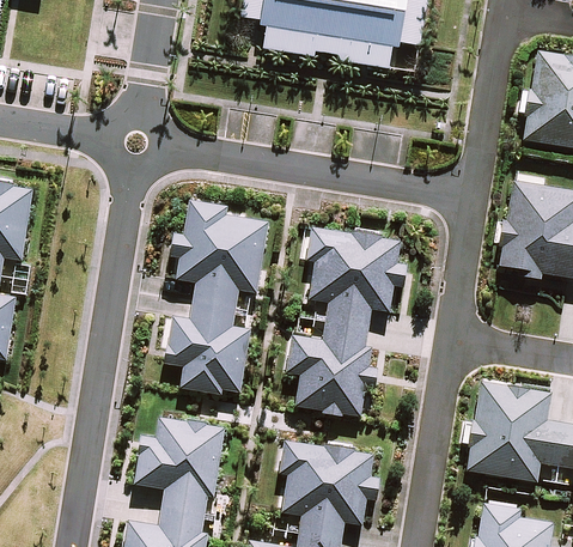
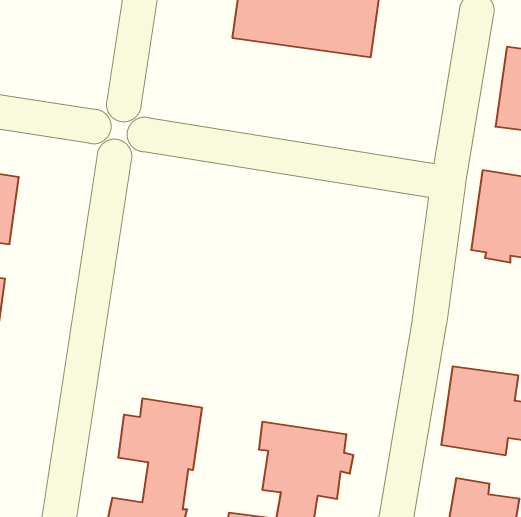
building: [170,200,267,391] -> none
building: [291,227,406,414] -> none

